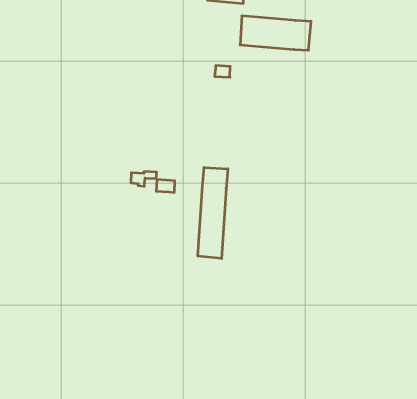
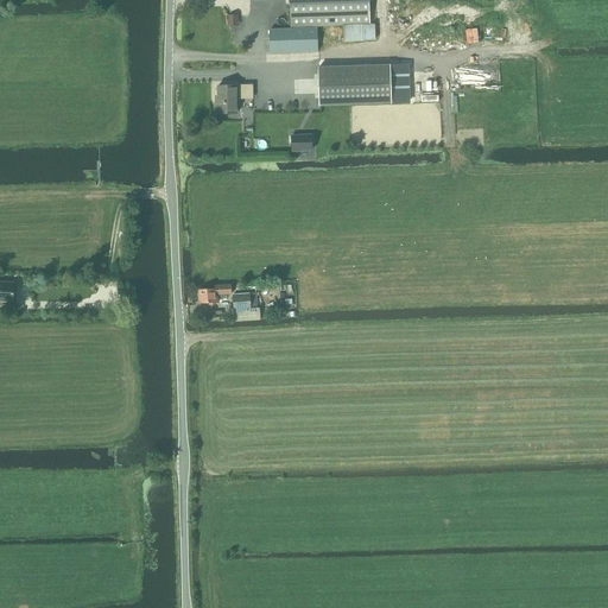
building: none -> [216,83,238,110]
building: [198,167,228,259] -> none

